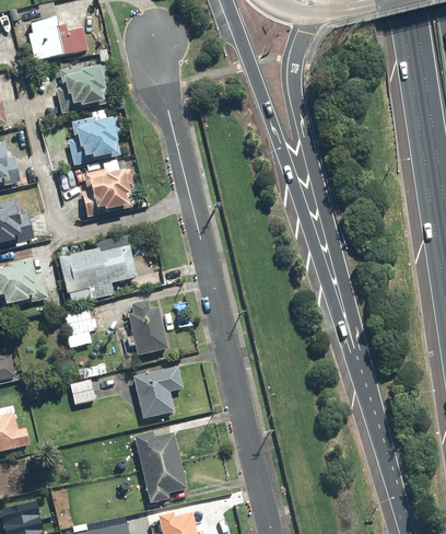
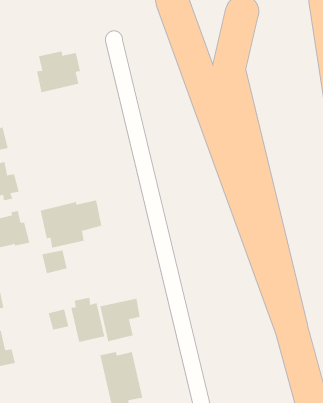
building: [27,15,86,61] -> none
building: [67,109,120,167] -> none
building: [81,167,136,217] -> none
building: [126,300,168,356] -> [70,297,105,343]

